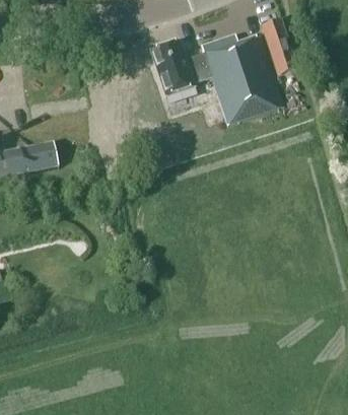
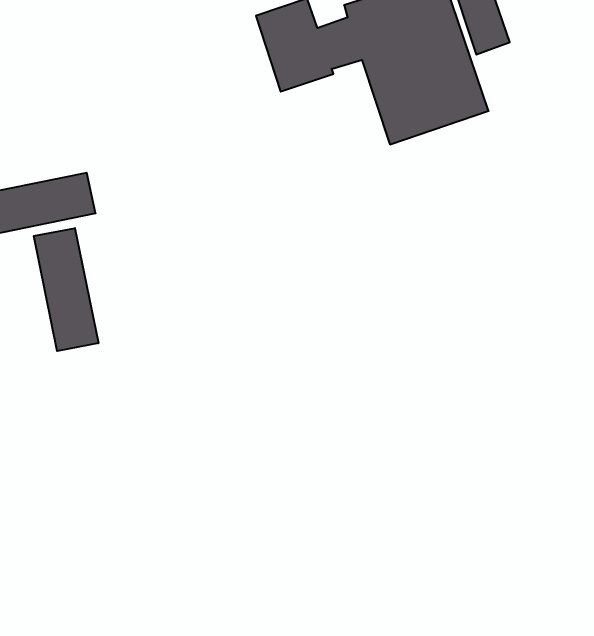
building: none -> [34,228,98,351]

